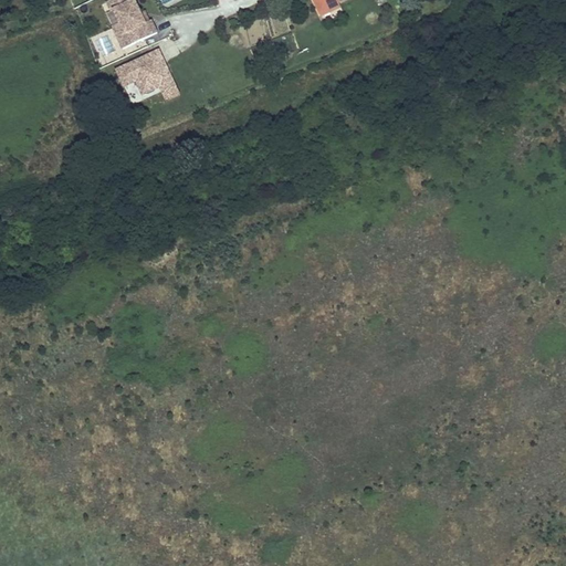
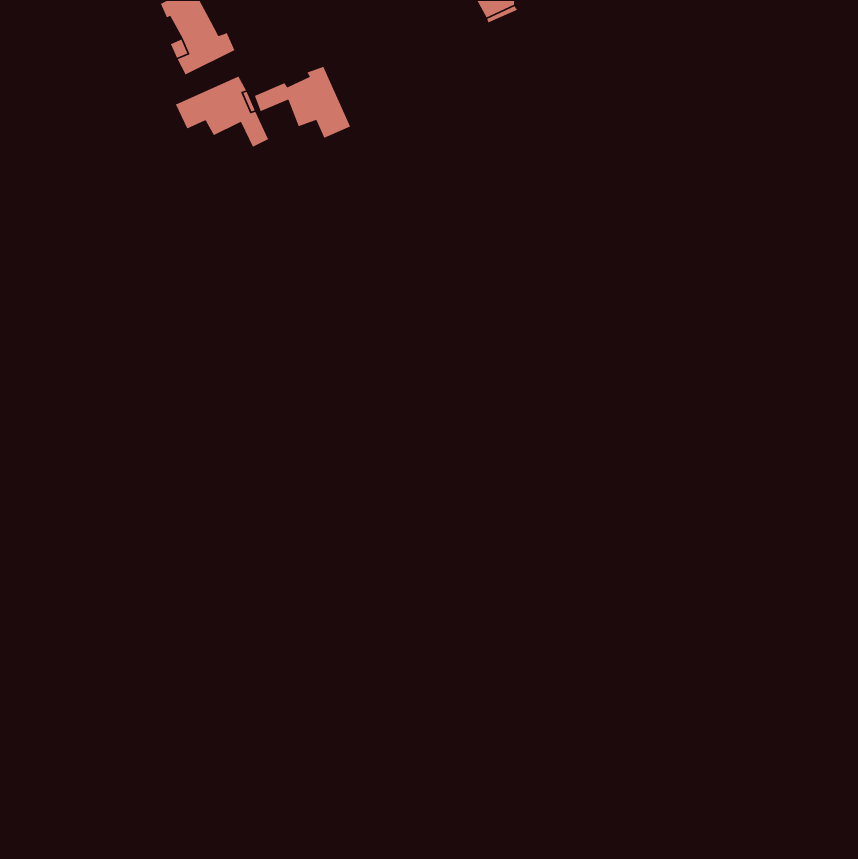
building: none -> [254,66,351,139]

